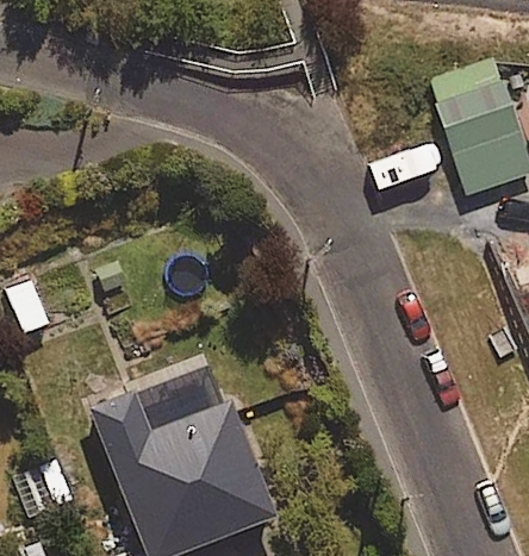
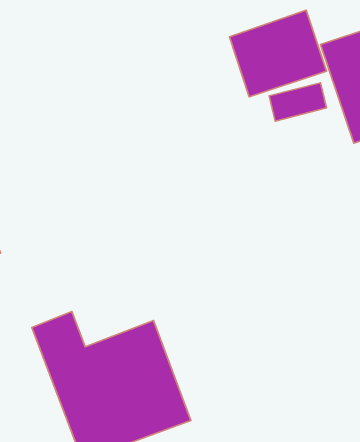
building: none -> [229,10,327,97]

